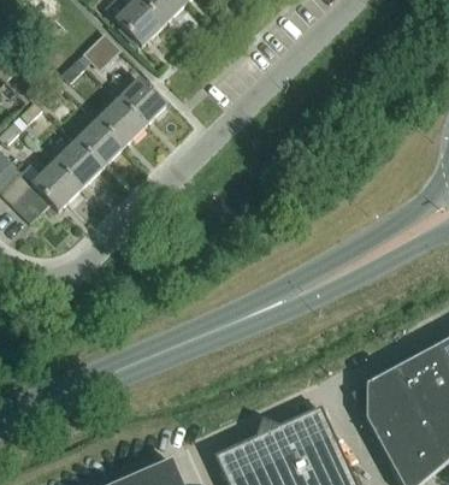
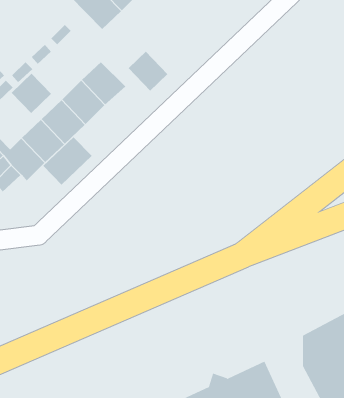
building: none -> [128,51,168,91]
building: none -> [11,73,52,114]
building: none -> [42,136,92,185]

